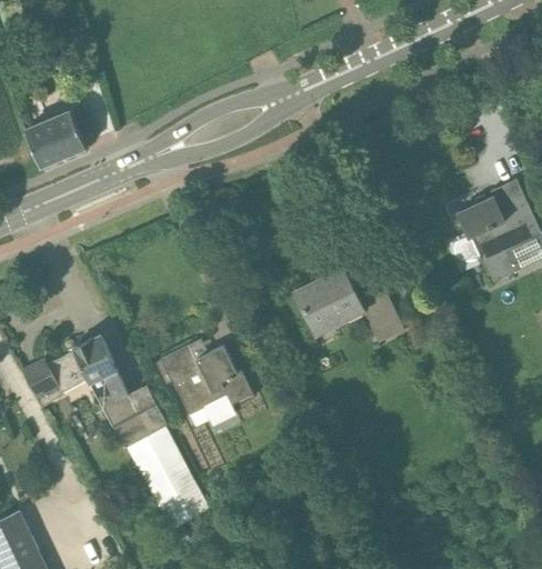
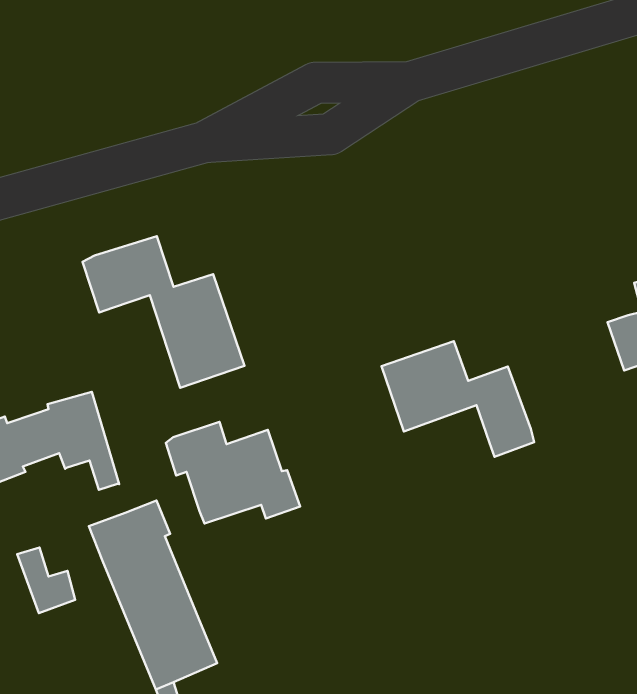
building: [19,109,87,167] -> none
building: none -> [82,236,245,388]
building: [92,381,136,426] -> [17,547,75,613]

